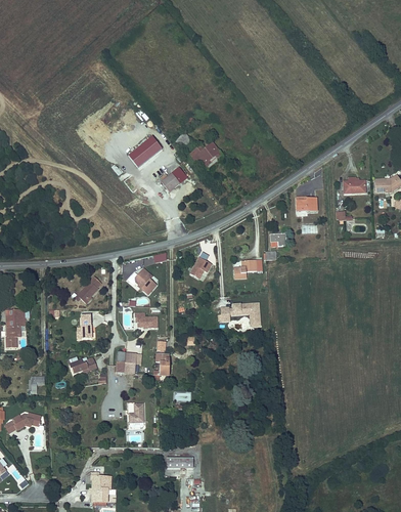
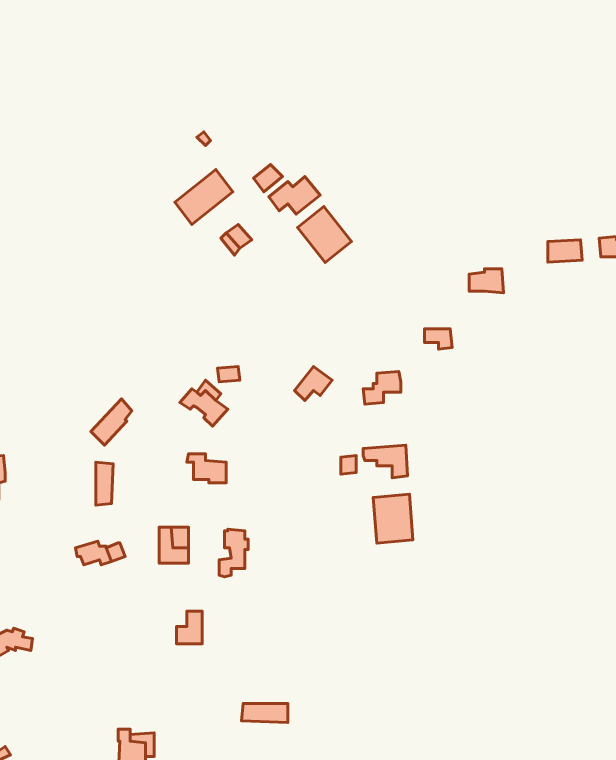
building: none -> [298,206,351,262]
building: none -> [373,494,413,543]

